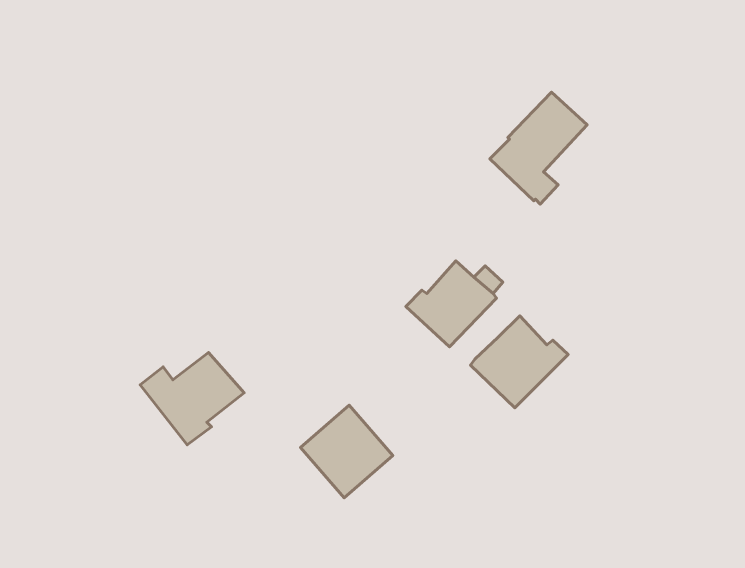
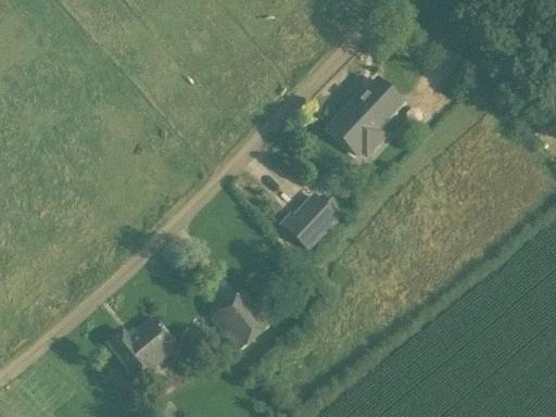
building: [471,316,568,408] -> none
building: [140,352,244,445] -> [109,318,178,380]

